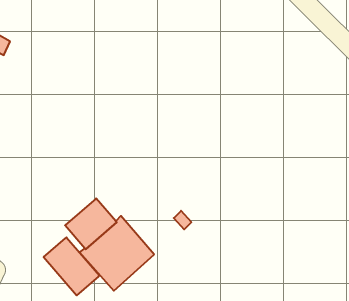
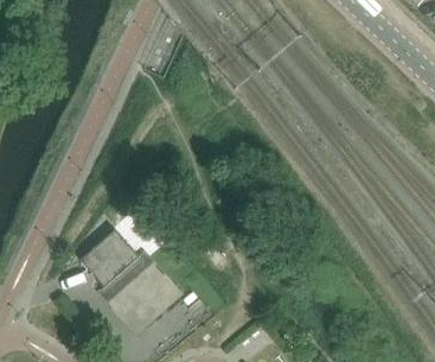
building: [44,237,100,295] -> none

